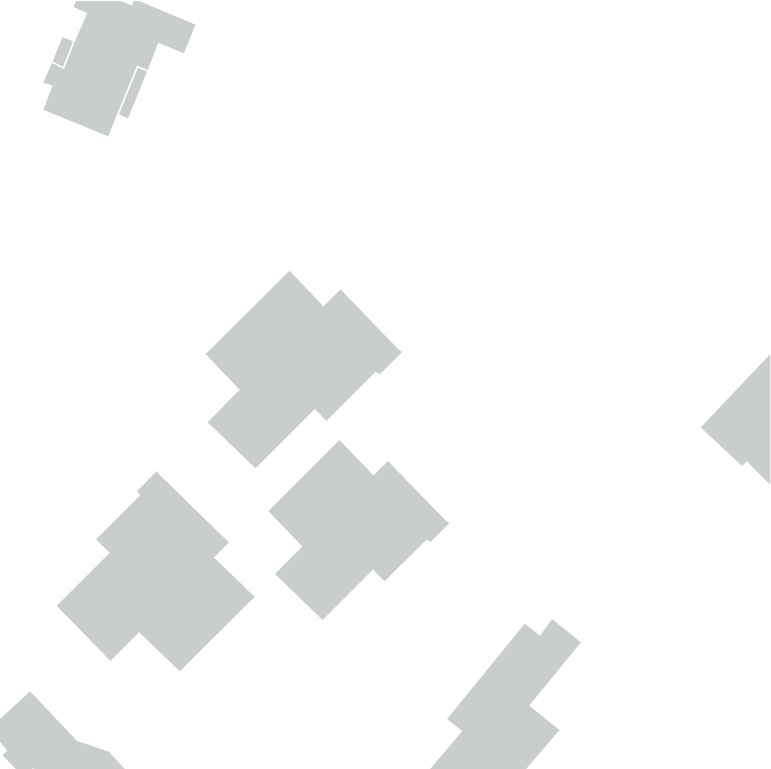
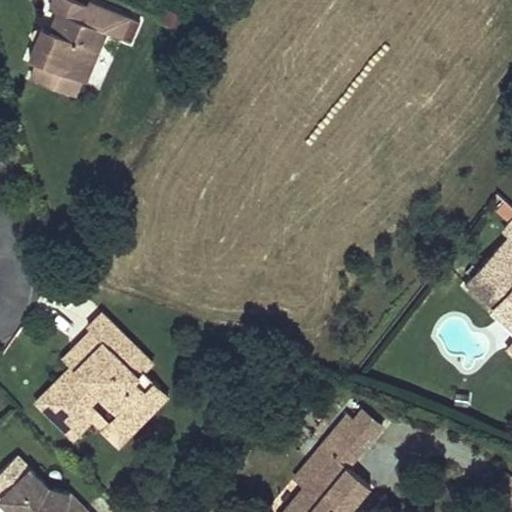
building: [205,270,403,469] -> none
building: [268,439,451,621] -> none

